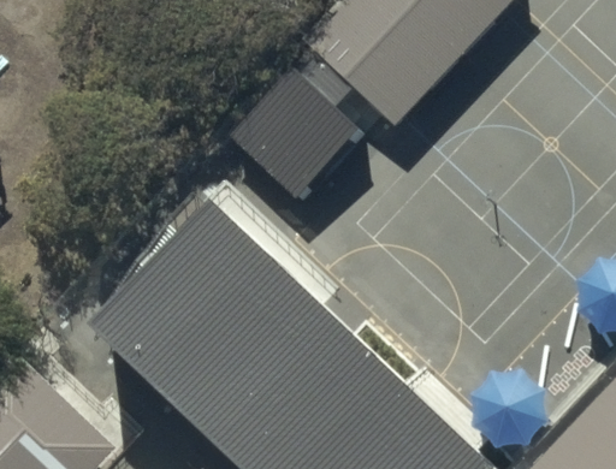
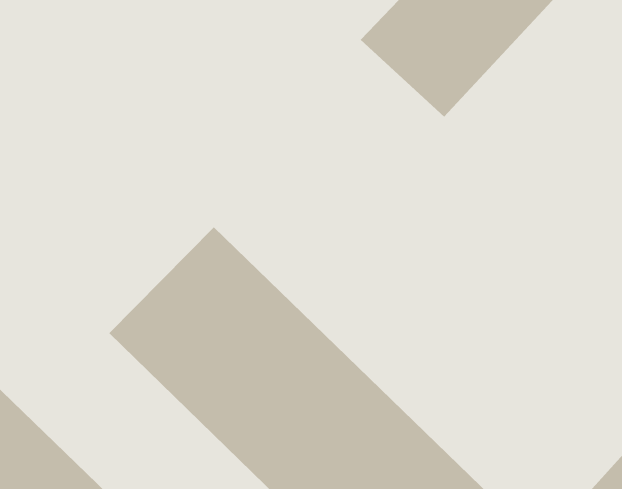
building: [201,70,351,224] -> none

